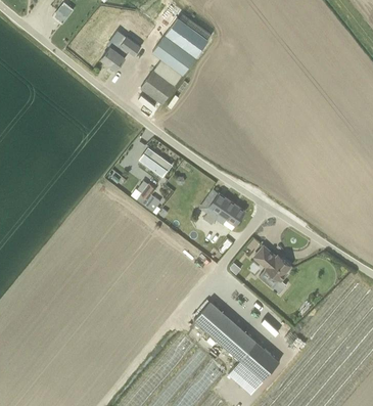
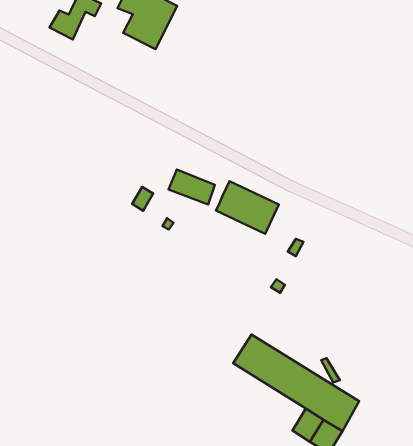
building: [140,71,174,103] -> none
building: [137,147,171,176] -> [169,170,215,205]
building: [253,246,290,281] -> none

